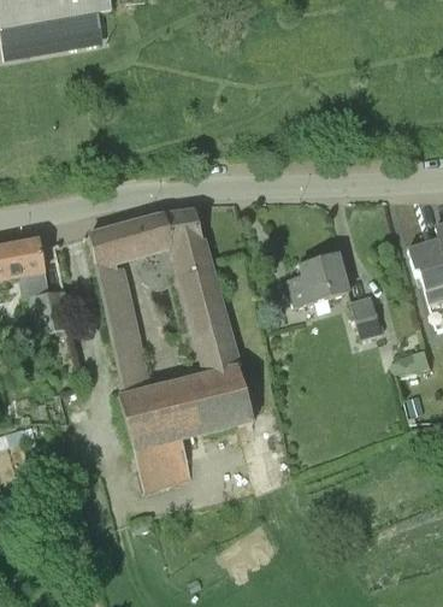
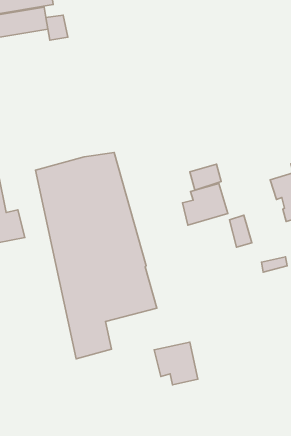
building: none -> [46,15,68,40]
building: none -> [190,164,221,190]
building: none -> [154,342,198,385]

